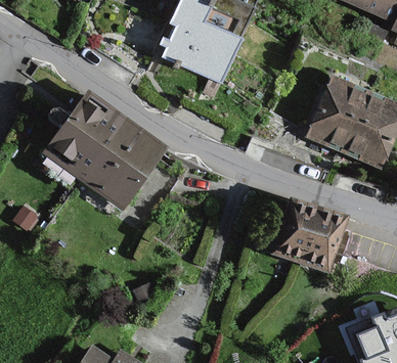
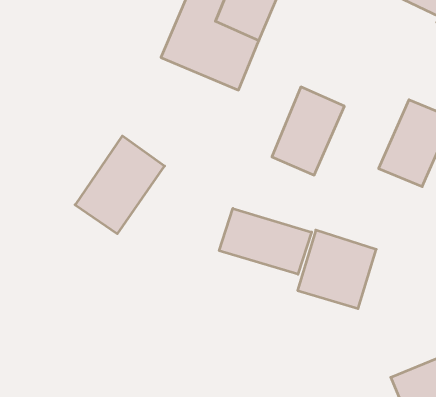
building: [304,76,365,150] -> [272,87,344,175]
building: [42,95,123,181] -> none
building: none -> [219,208,312,274]

